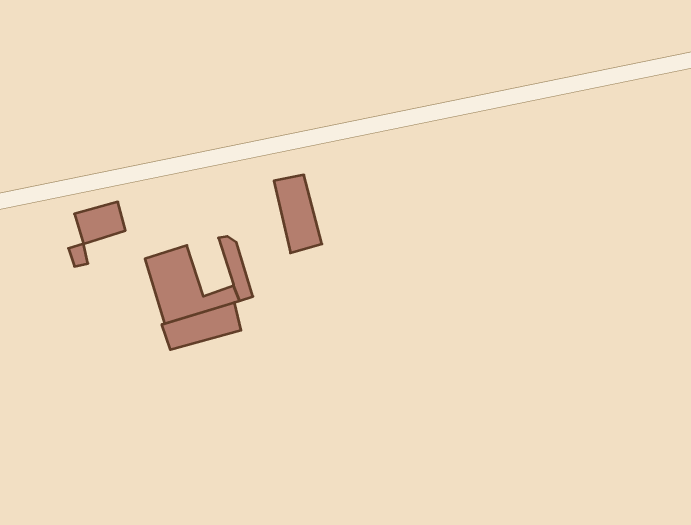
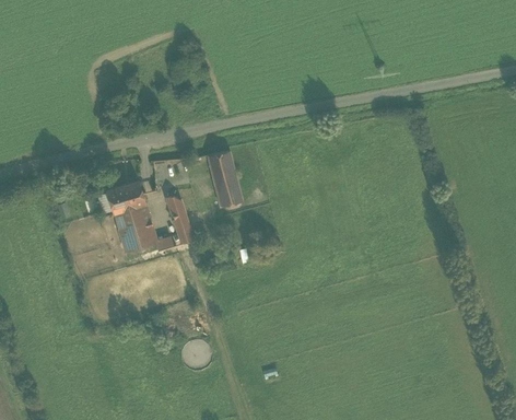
building: [74,202,125,244] -> [107,180,144,211]
building: [162,302,241,350] -> none

